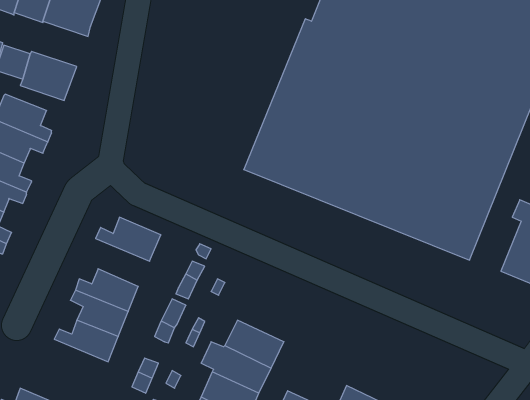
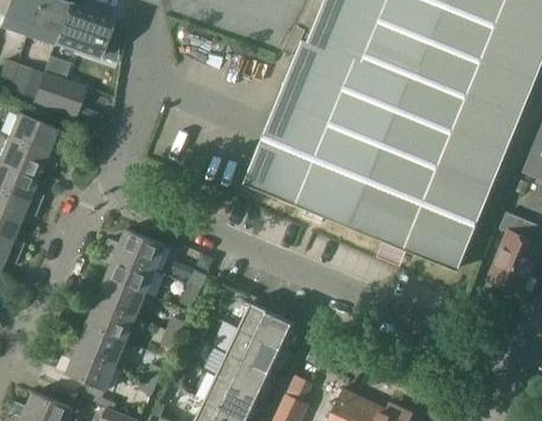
building: none -> [99,249,154,295]
building: none -> [238,302,292,347]
building: none -> [60,345,115,391]

